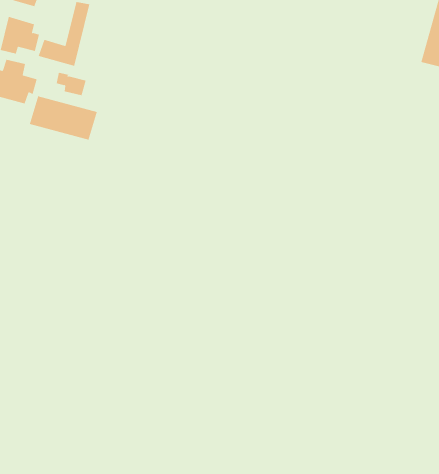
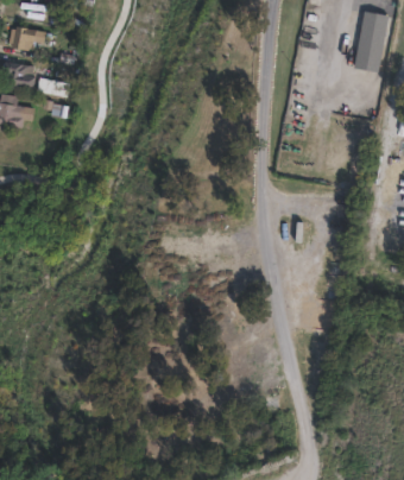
building: [29,95,98,141] -> none

